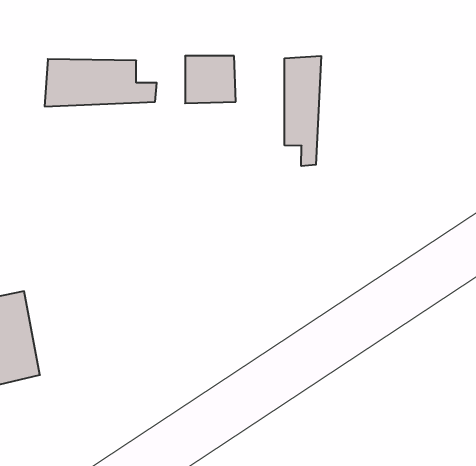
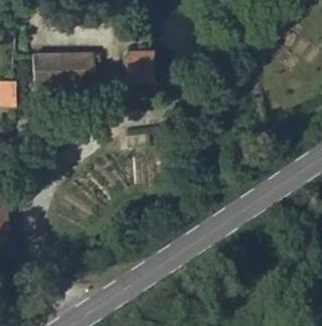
building: [285,56,321,166] -> none

